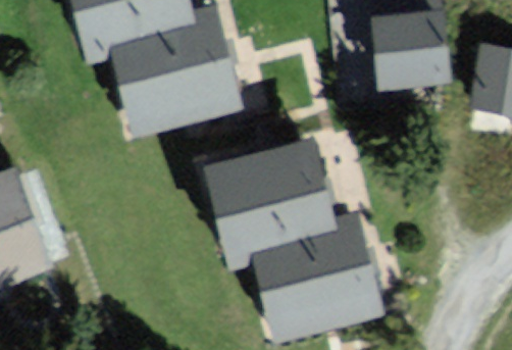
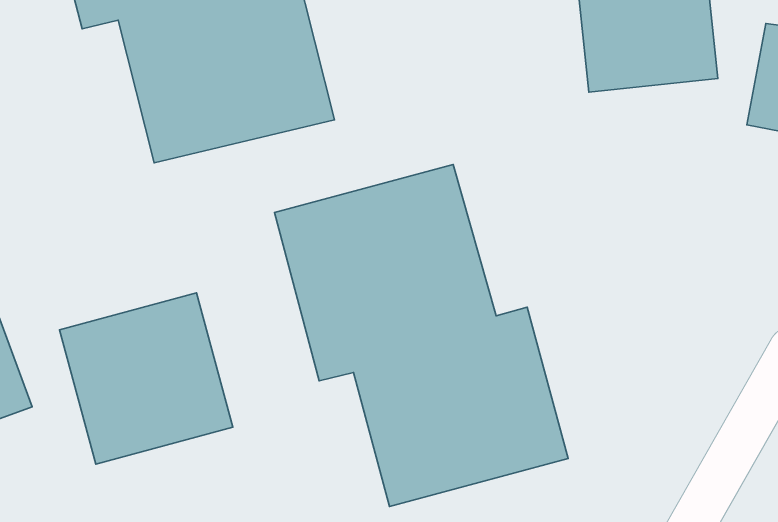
building: none -> [59,293,233,464]

